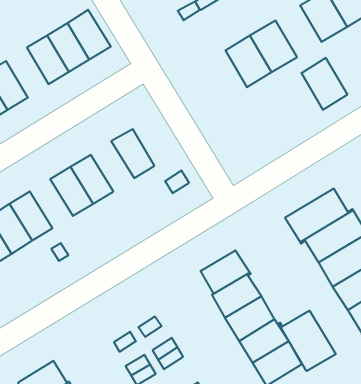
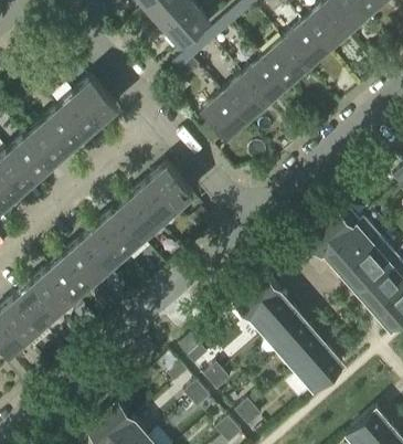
building: none -> [25,121,67,167]
building: none -> [202,93,248,141]
building: [301,58,347,110] -> [264,40,309,87]
building: none -> [151,163,194,209]
building: none -> [117,193,160,239]
building: none -> [67,237,110,282]
building: [278,311,336,371] -> none

